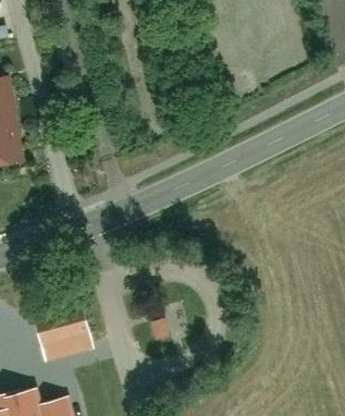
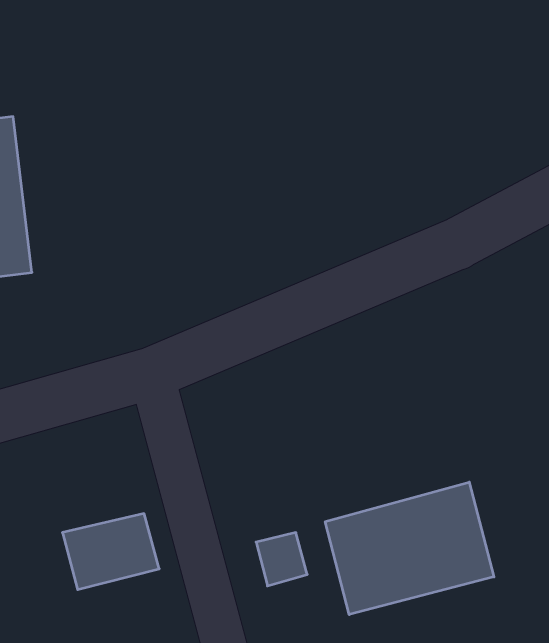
building: none -> [325,482,494,615]

